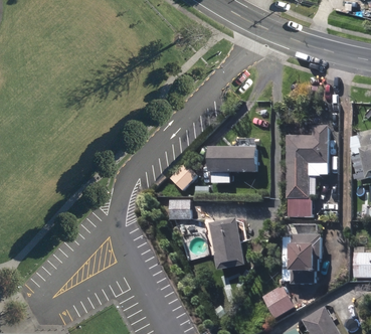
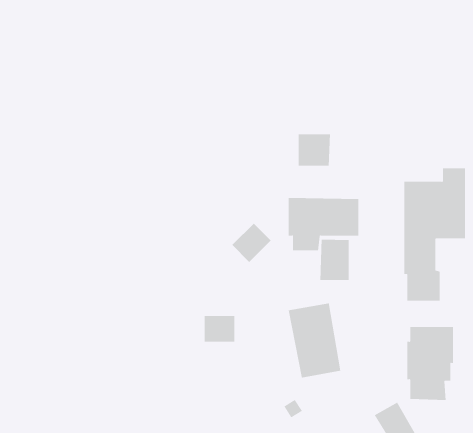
building: none -> [298,133,331,167]
building: none -> [320,239,349,281]
building: [169,200,190,218] -> [204,316,235,342]

